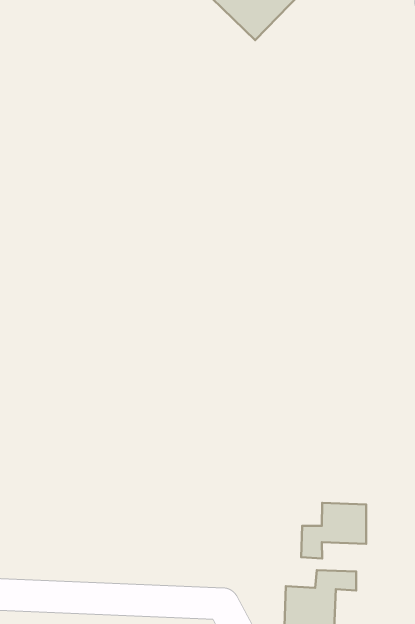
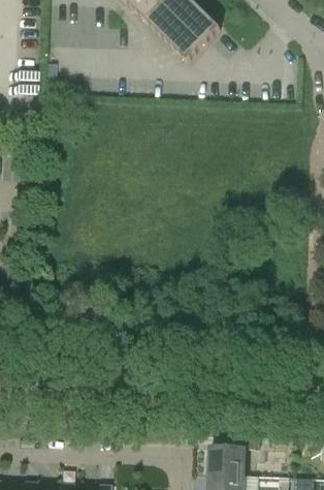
building: [301,503,366,558] -> none

